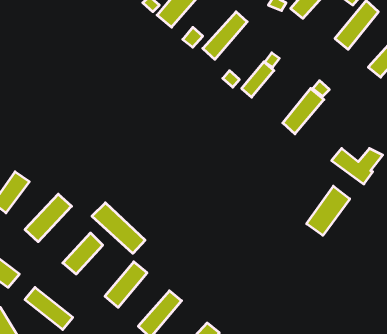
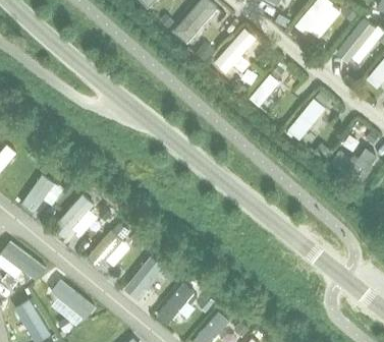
building: [307,186,350,235] -> none
building: [92,203,145,253] -> none

